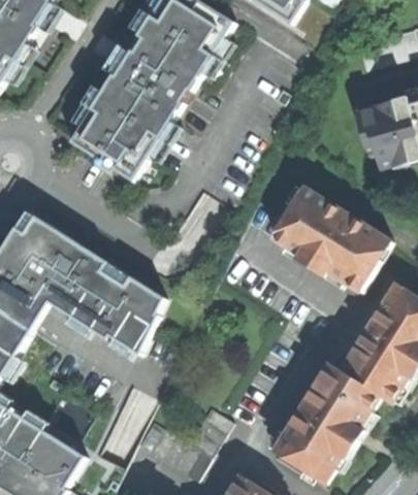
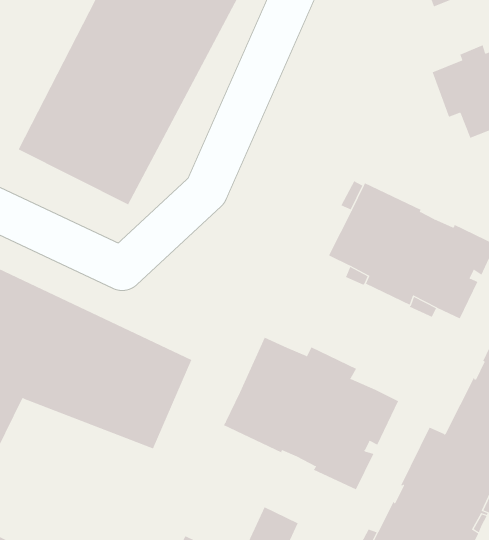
building: none -> [223,337,399,490]

